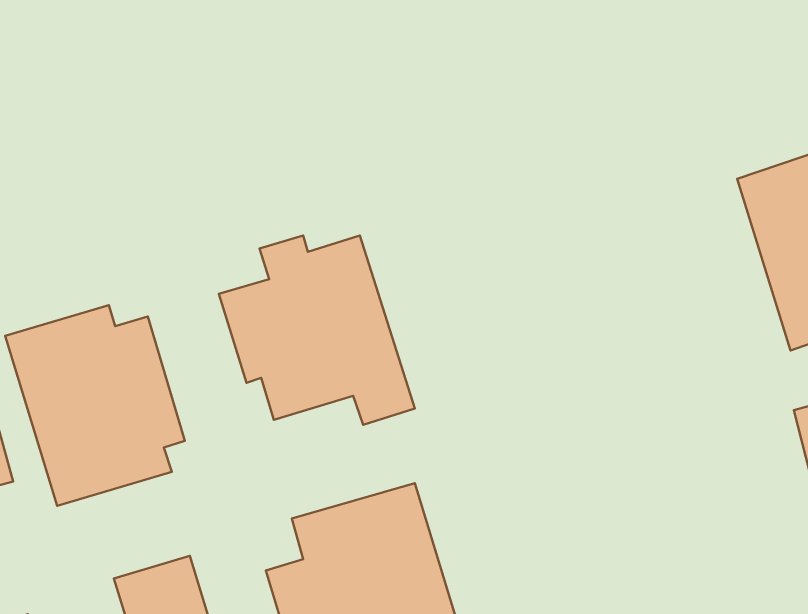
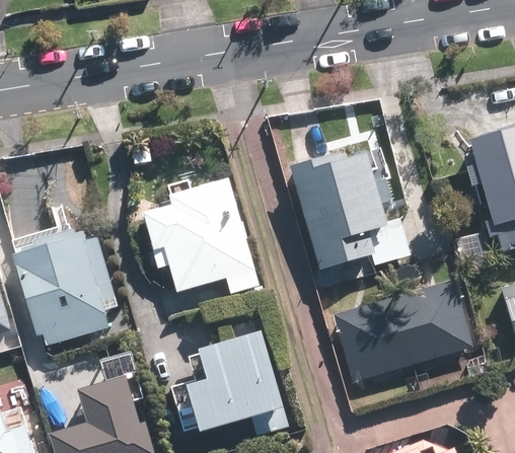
building: none -> [287,150,415,273]
building: none -> [332,279,474,381]

